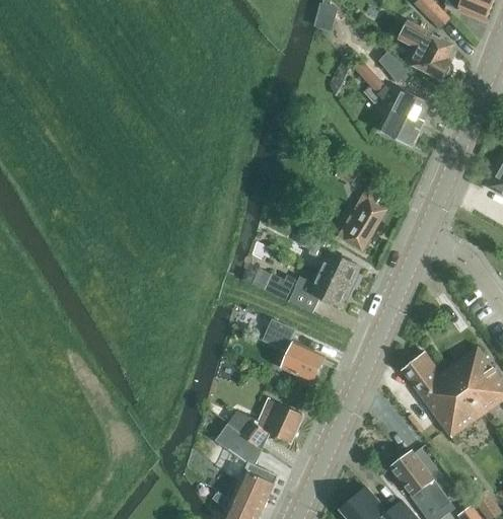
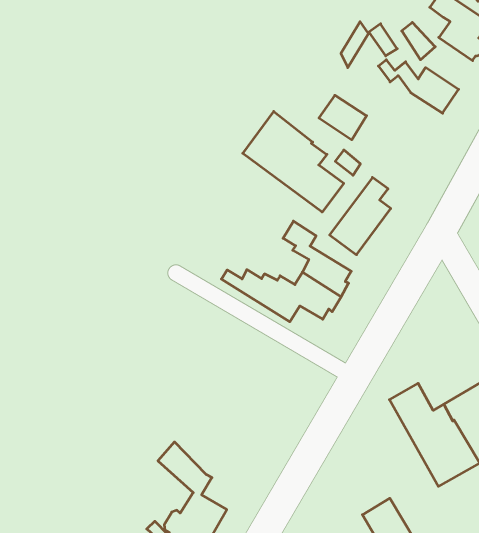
building: [381,112,421,147] -> [319,95,367,140]
building: none -> [243,111,344,212]
building: [263,319,324,381] -> none
building: [227,399,303,450] -> none

